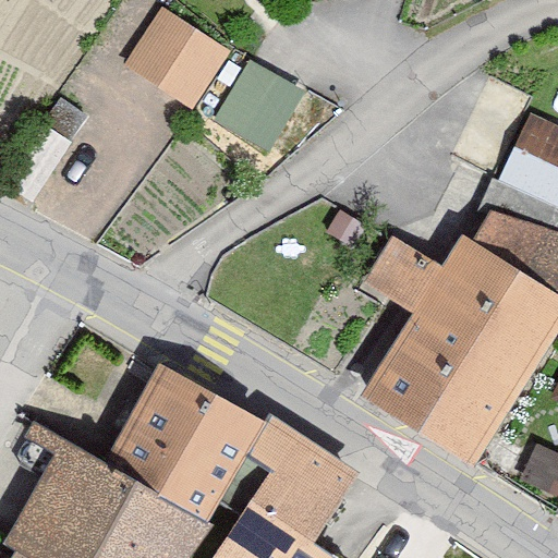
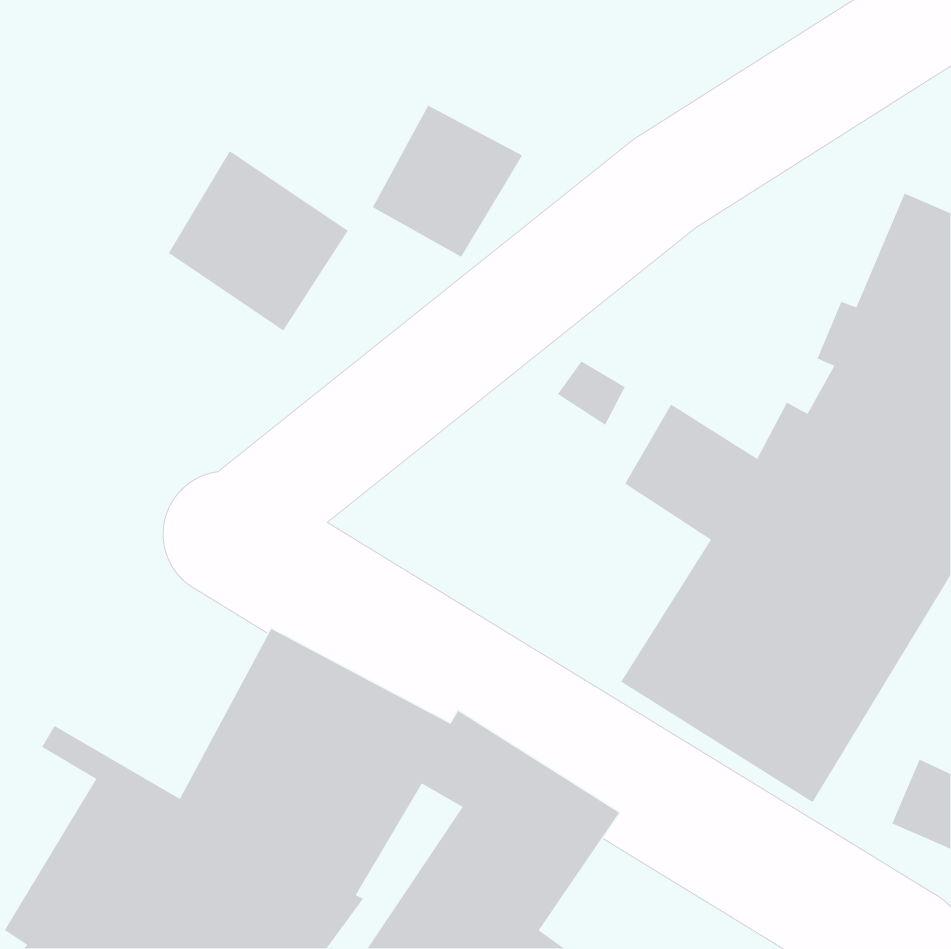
building: [126,4,232,110] -> [168,150,349,331]

